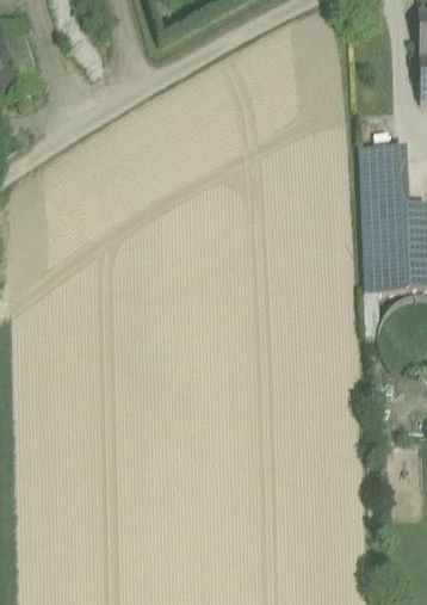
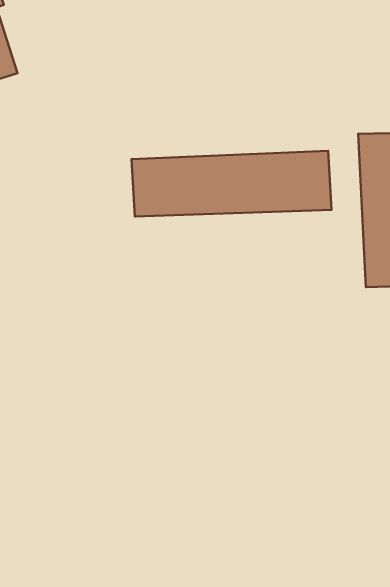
building: none -> [132,151,331,217]

